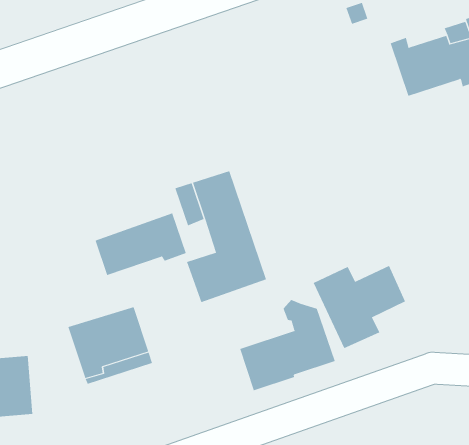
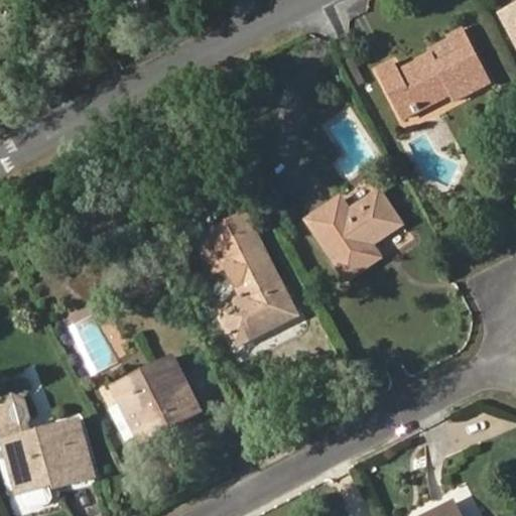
building: [95,212,186,276] -> none
building: [313,265,406,349] -> [308,190,400,277]
building: [239,299,335,391] -> none

